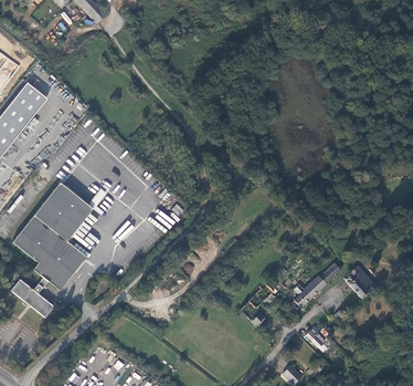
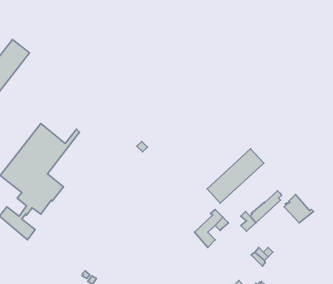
building: none -> [207,149,264,203]

